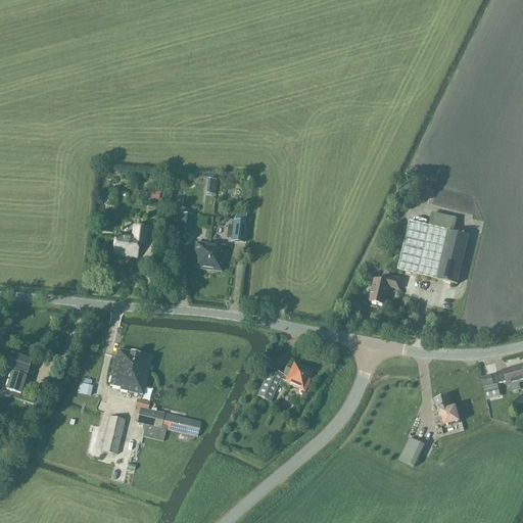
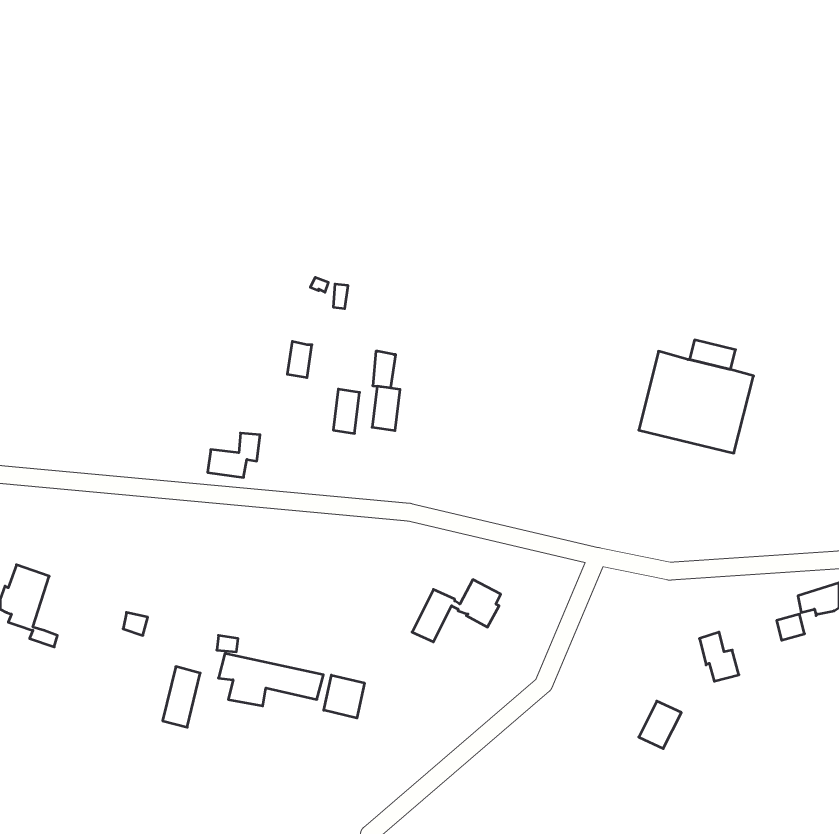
building: [114,225,147,252] -> [208,433,260,477]
building: [193,240,210,268] -> [372,386,400,431]
building: [369,274,401,302] -> none
building: [109,347,152,393] -> none
building: none -> [324,675,364,718]

